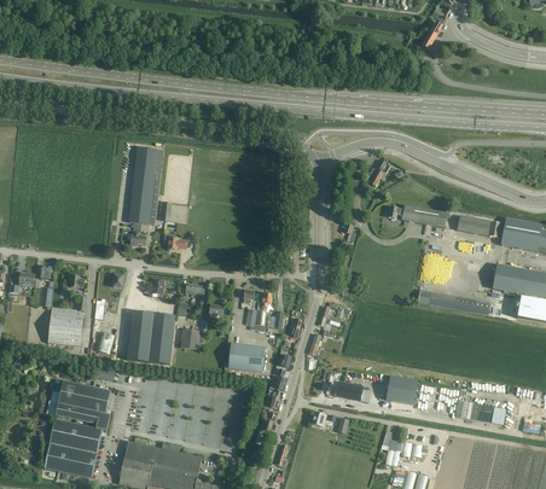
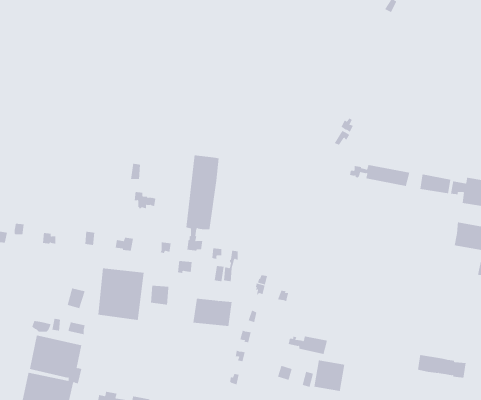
building: [128,146,163,245] -> [185,155,220,251]
building: [46,305,82,345] -> none
building: [381,374,413,407] -> [314,360,345,392]

